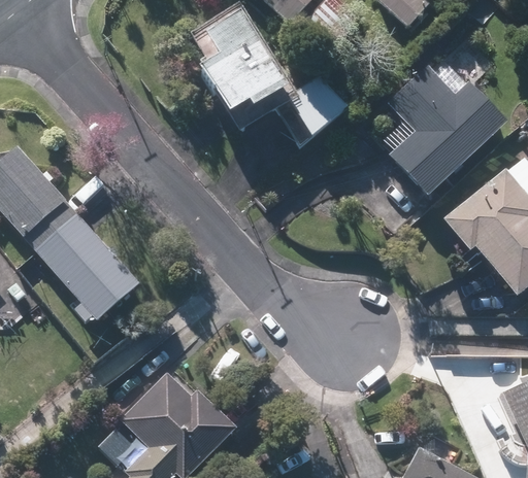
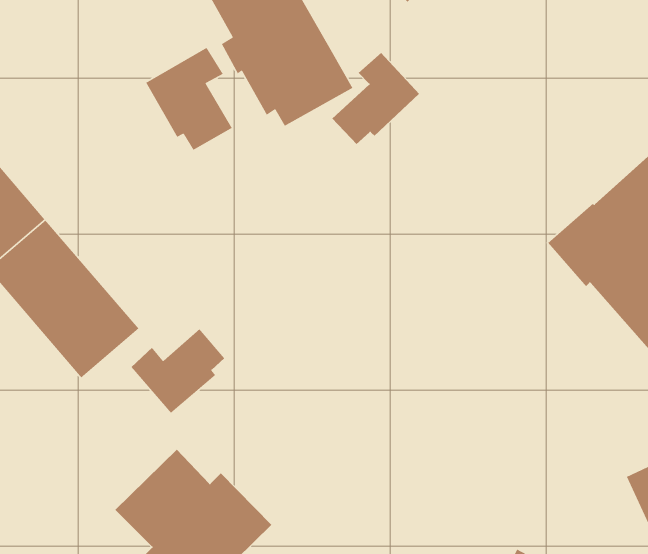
building: [385,62,508,196] -> none
building: none -> [145,47,233,151]
building: none -> [130,328,225,414]

